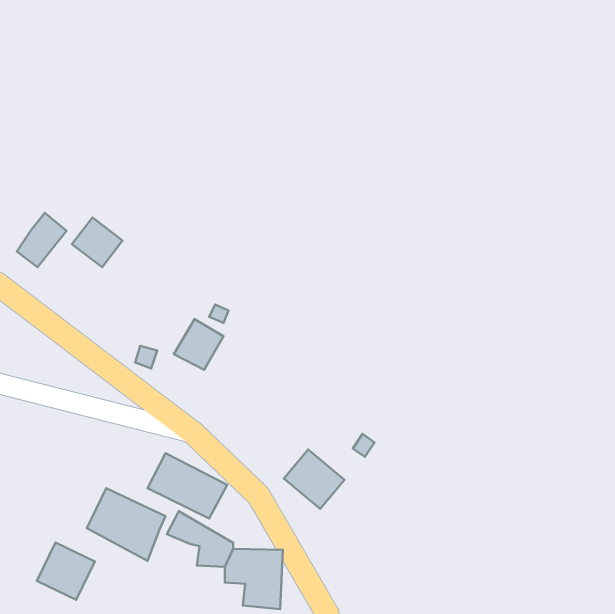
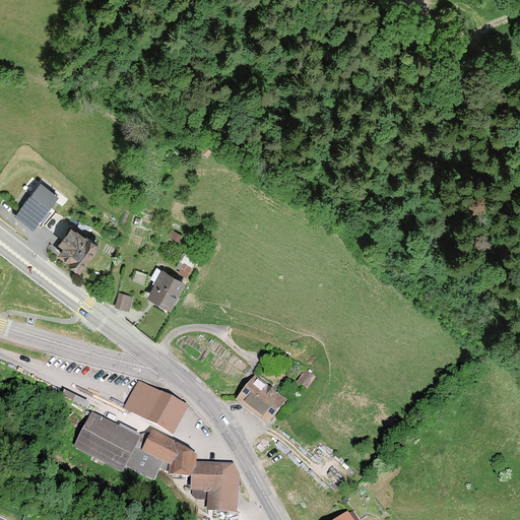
building: [72,218,123,267] -> [57,224,100,266]
building: none -> [126,445,159,475]
building: [37,543,95,600] -> none

